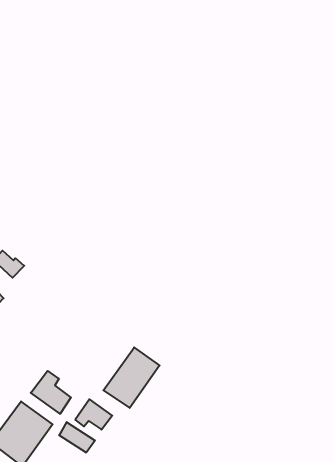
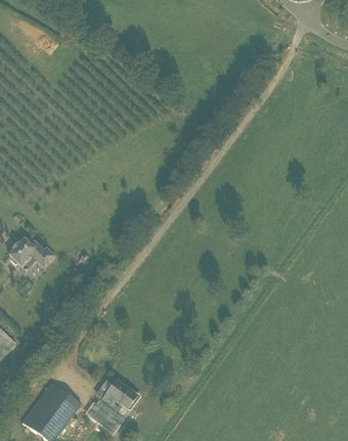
building: [103,347,160,408] -> none
building: [31,371,71,414] -> none

